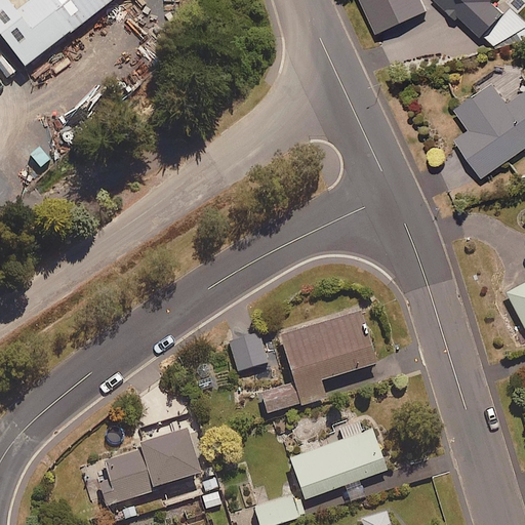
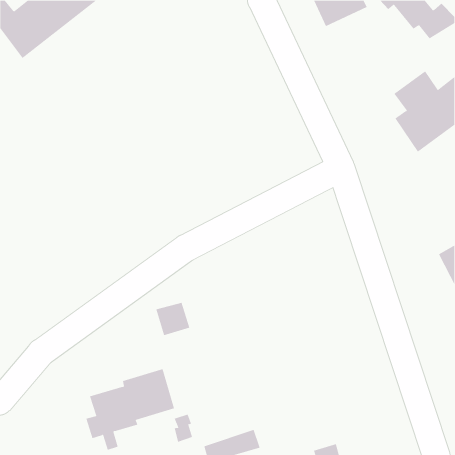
building: [261,309,377,413] -> none
building: [228,332,268,371] -> [155,302,190,336]
building: [289,418,389,499] -> none

